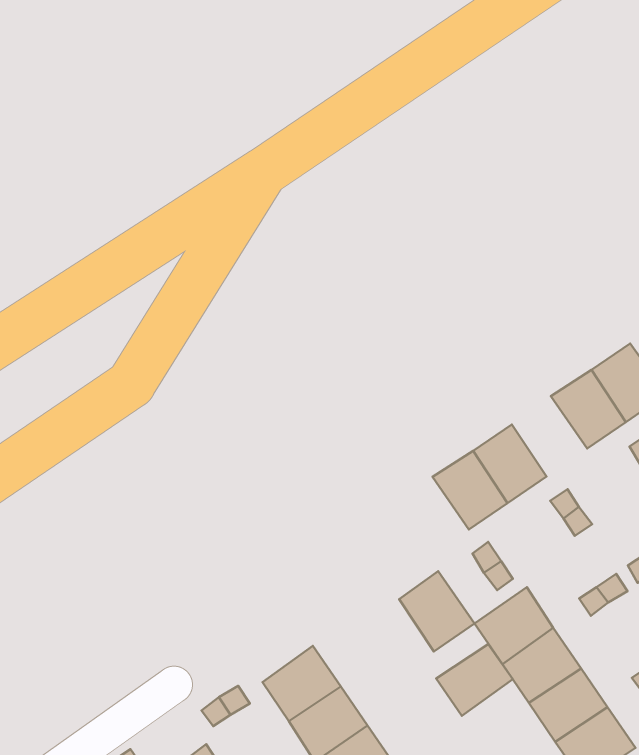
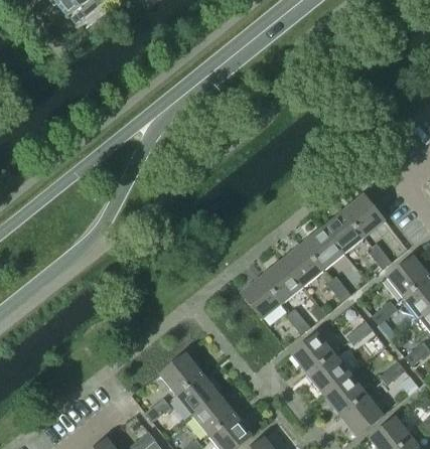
building: none -> [303,227,345,271]
building: [399,571,474,652] -> [242,276,284,320]
building: none -> [160,352,203,396]
building: [436,644,513,716] -> none

